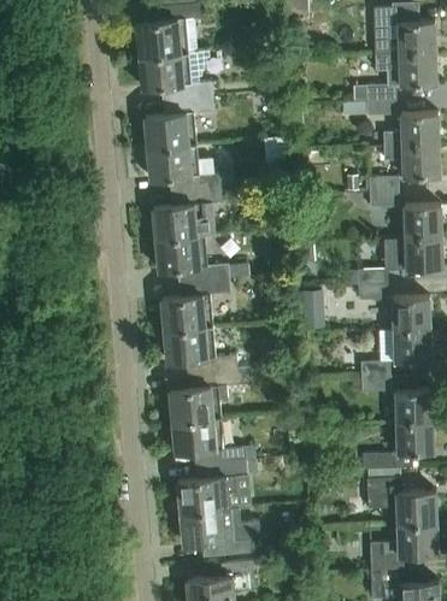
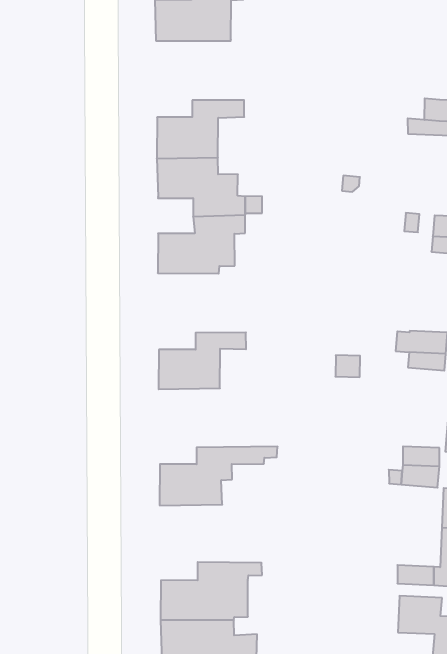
building: [136,51,210,102] -> none
building: [153,237,247,285] -> none
building: [161,328,259,376] -> none
building: [170,419,254,466] -> none

